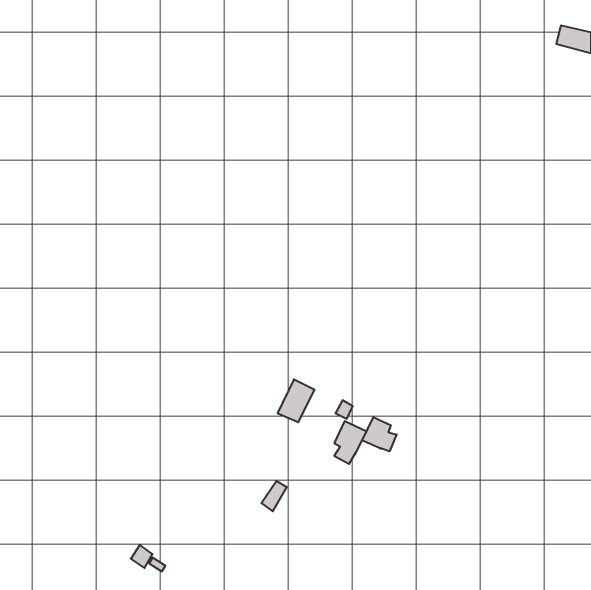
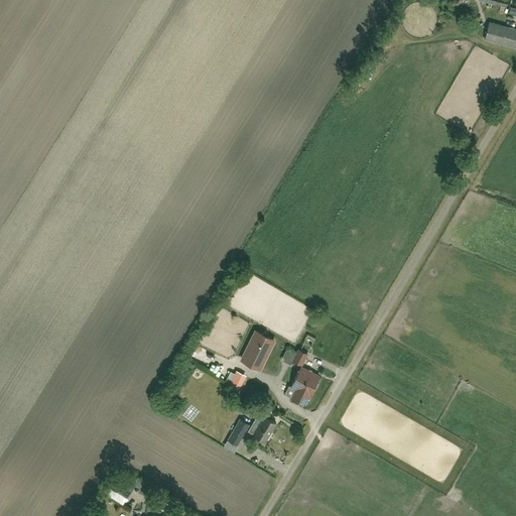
building: [362,417,397,451] -> none
building: none -> [248,413,276,442]

